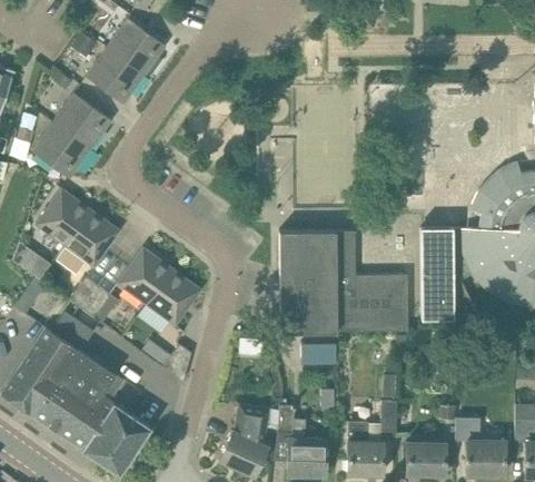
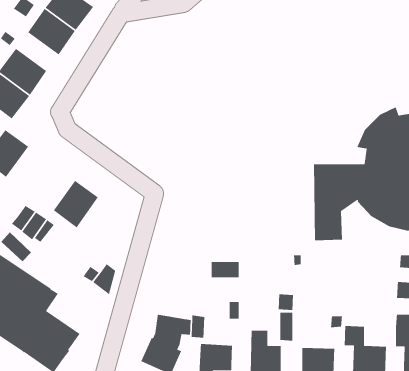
building: [62,208,119,266] -> none
building: [278,230,407,332] -> none
building: [145,267,200,325] -> none

